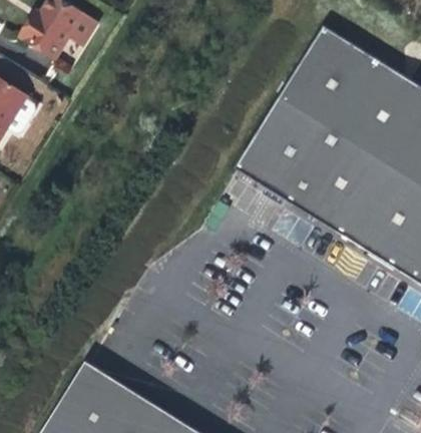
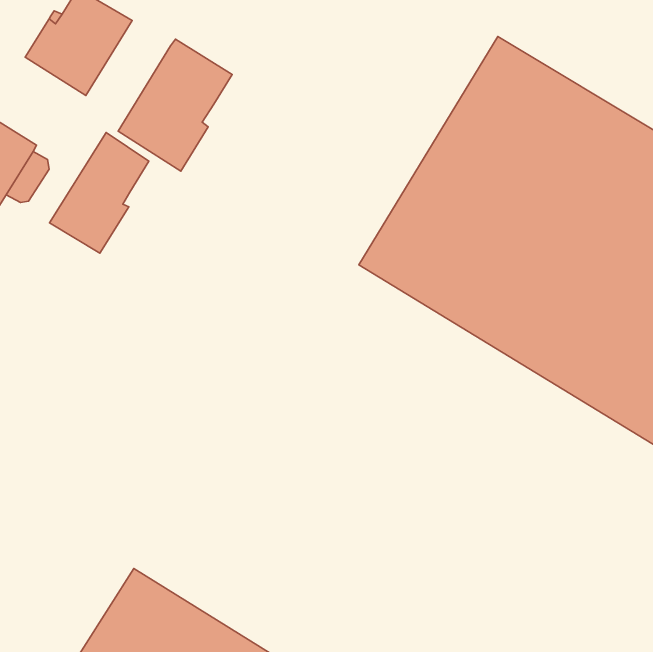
building: none -> [118,39,232,171]
building: none -> [50,132,149,253]

